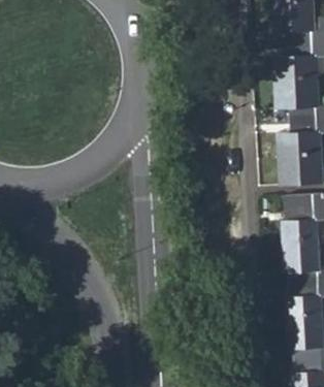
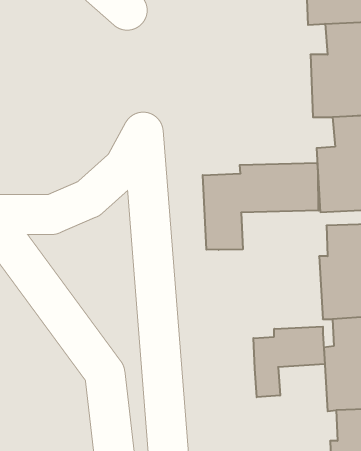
building: none -> [203,163,318,250]
building: none -> [253,327,325,397]

